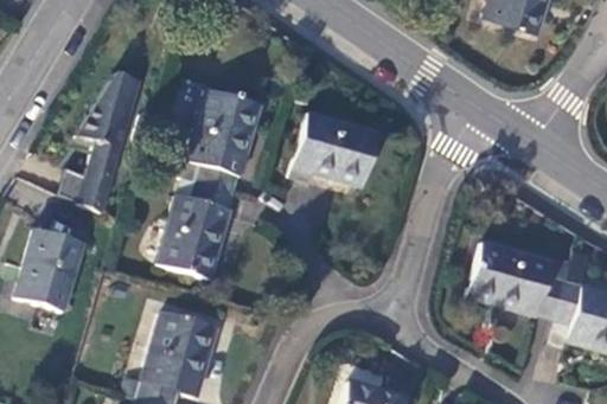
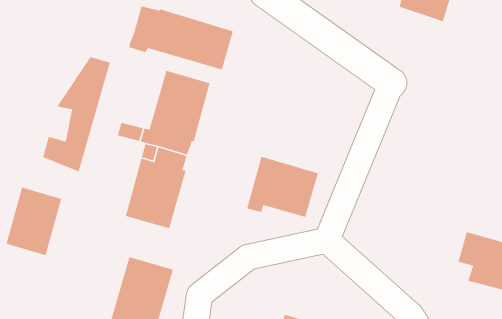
building: none -> [129,6,234,71]
building: [289,111,376,185] -> [246,156,319,218]
building: [465,242,563,318] -> none

